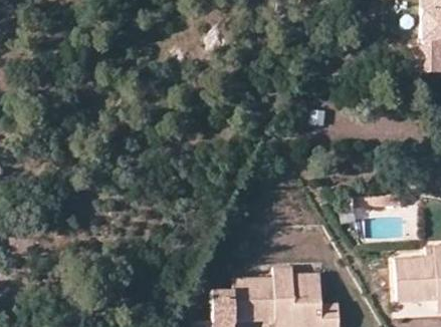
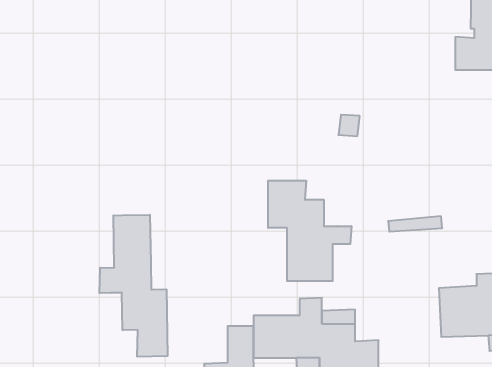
building: none -> [268,181,351,281]
building: none -> [100,215,168,357]

